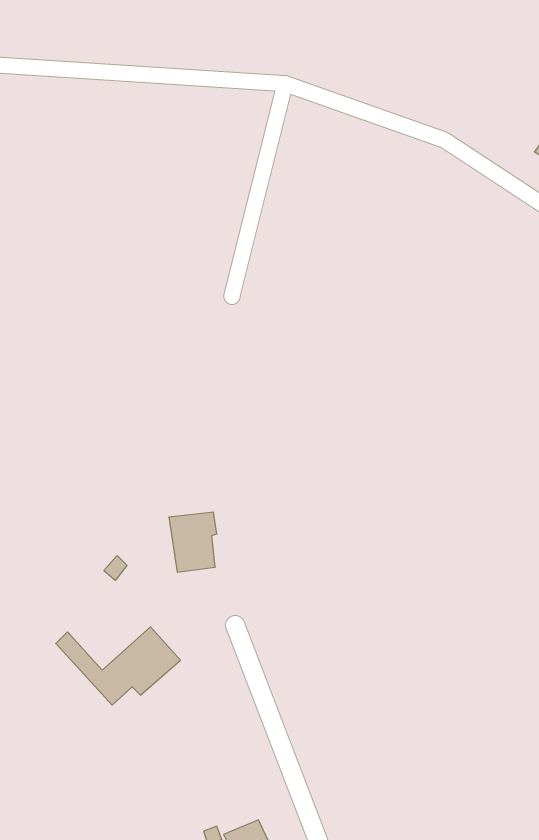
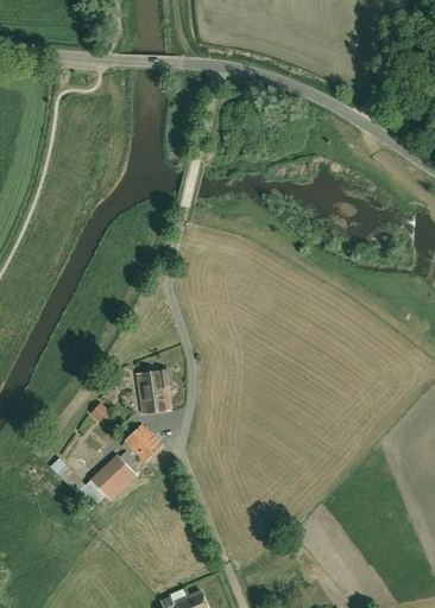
building: none -> [124,424,162,462]

